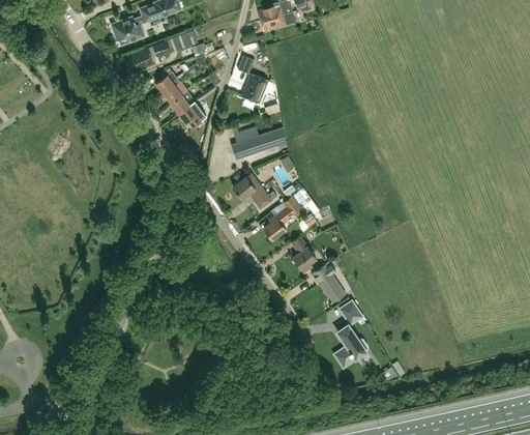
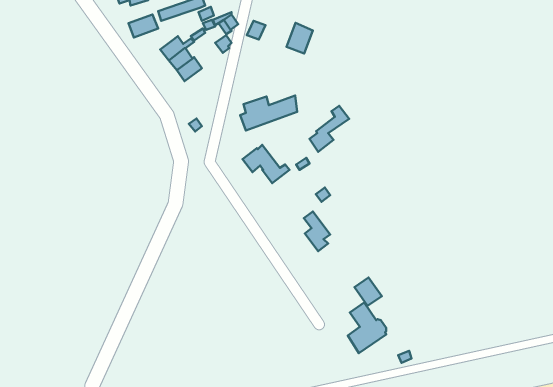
building: [242,74,267,103] -> [287,23,313,53]
building: [178,100,206,126] -> none
building: [263,197,300,240] -> [310,106,349,152]
building: [312,264,346,302] -> none

